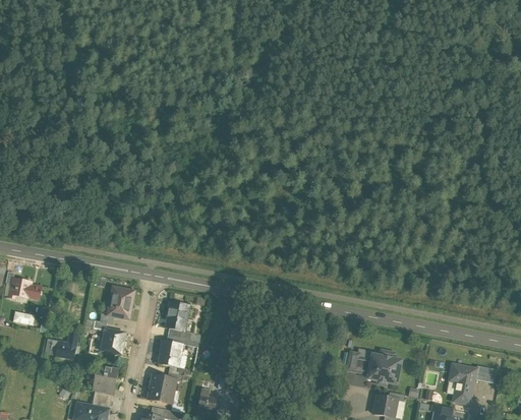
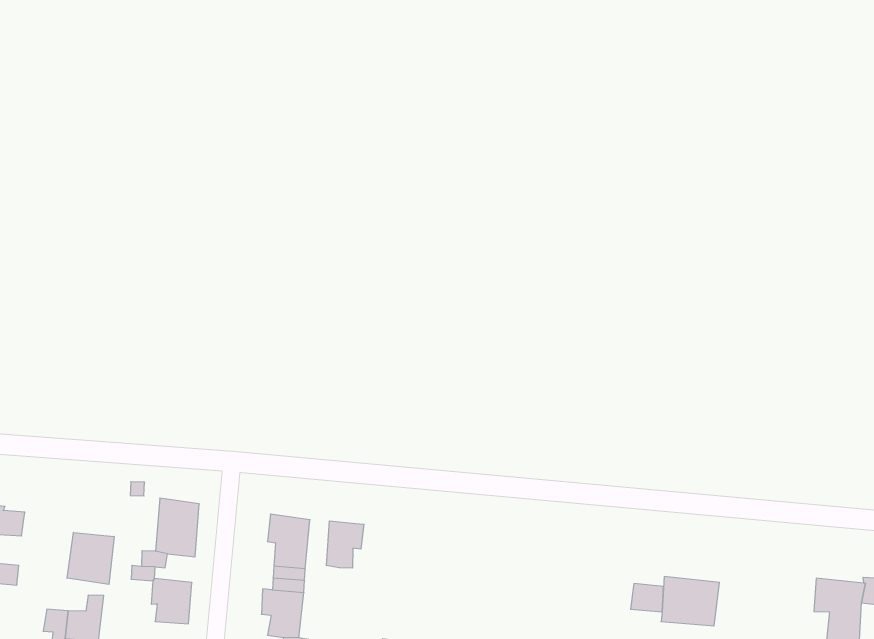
building: none -> [67,532,114,584]
building: none -> [326,521,364,568]

